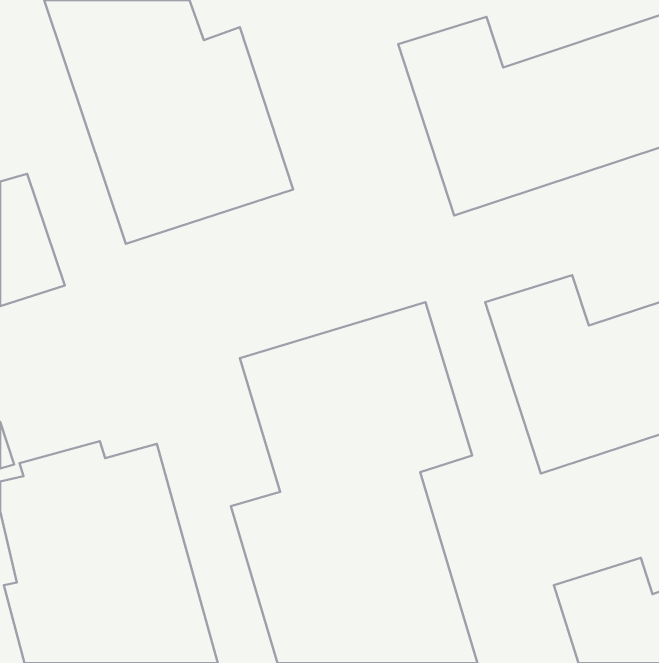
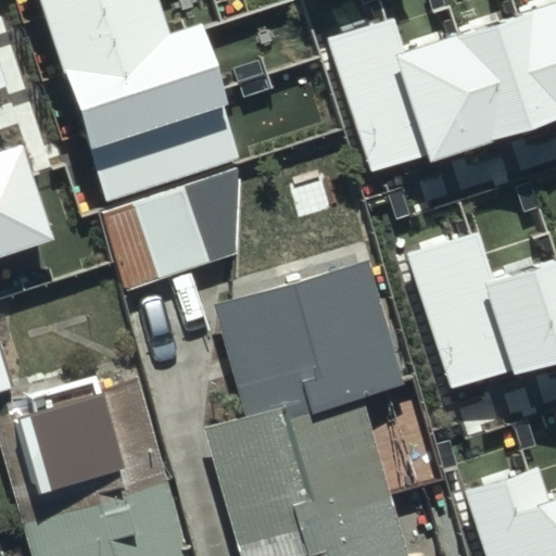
building: none -> [104,169,240,291]

